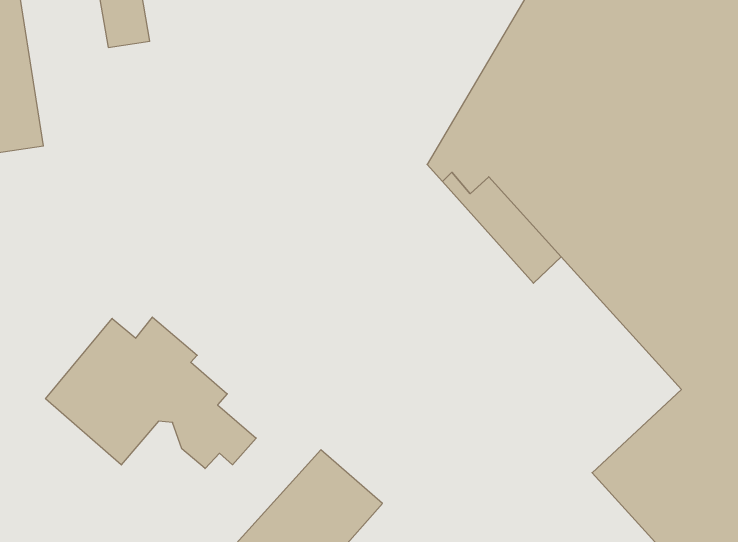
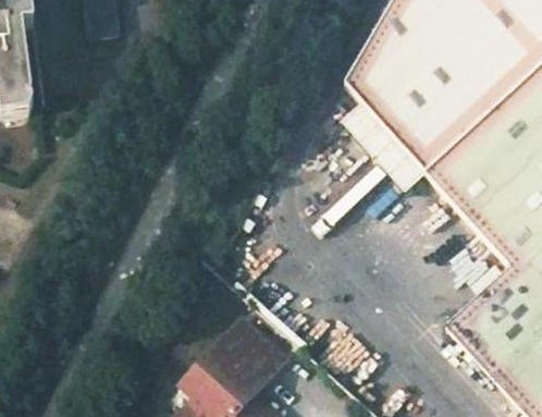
building: [46,317,256,469] -> none

